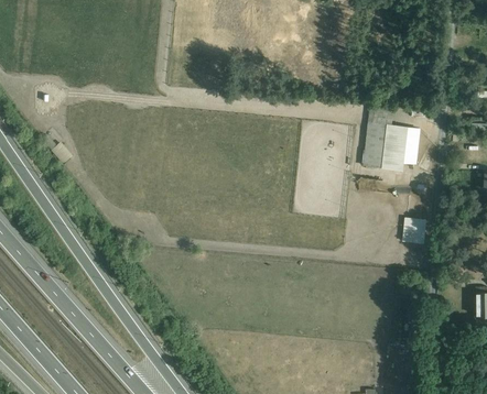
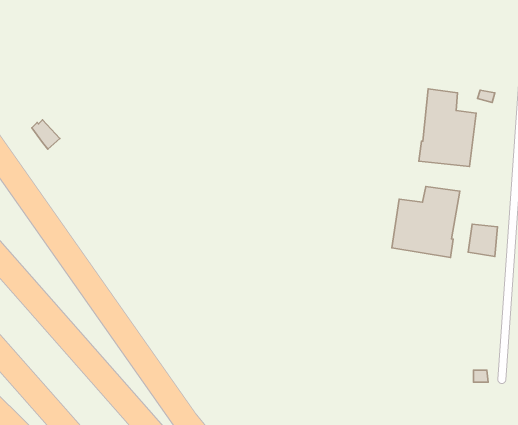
building: none -> [392,187,460,257]

